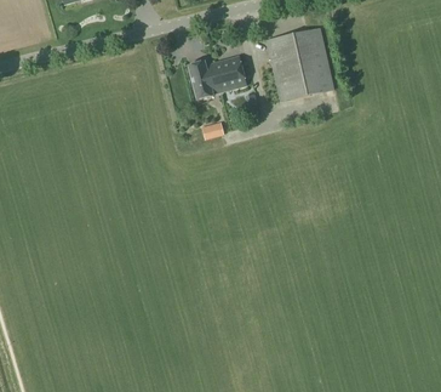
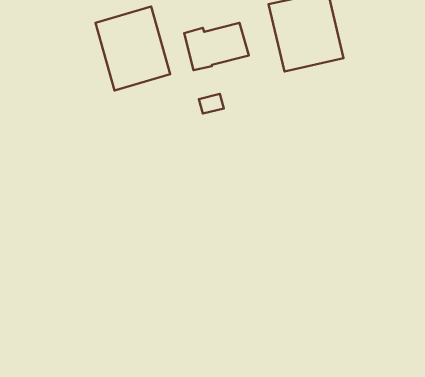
building: none -> [95,6,170,91]

